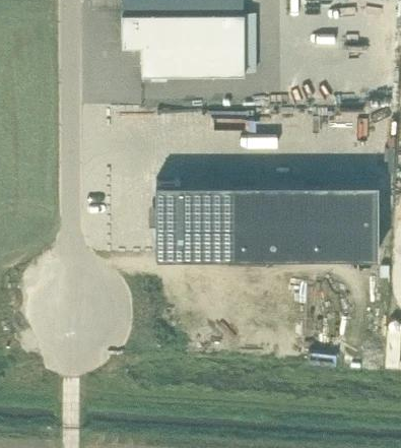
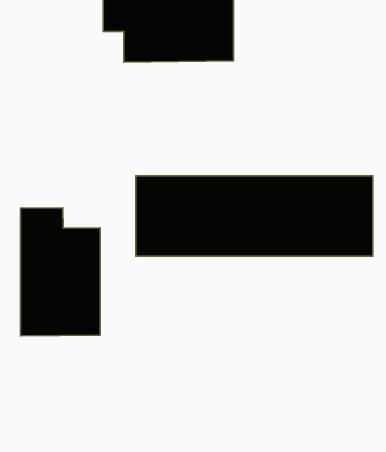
building: none -> [20,208,100,336]

